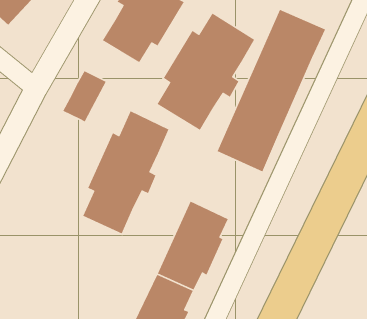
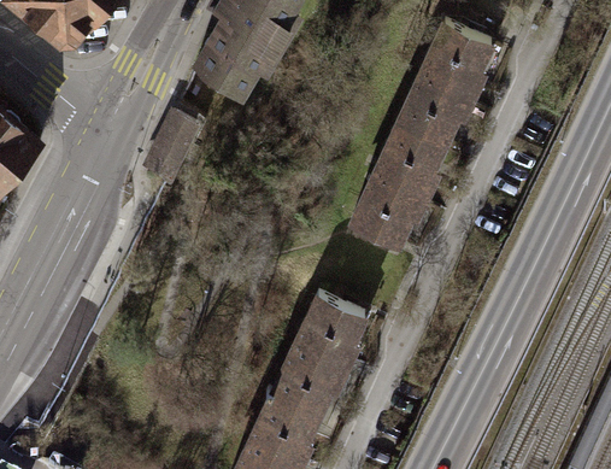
building: [156,13,255,131] -> none
building: [82,110,169,235] -> none

